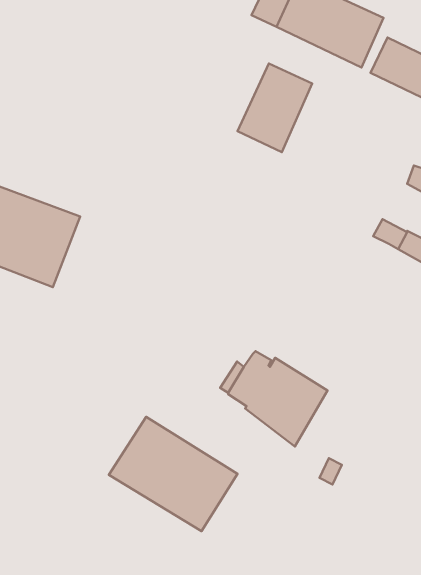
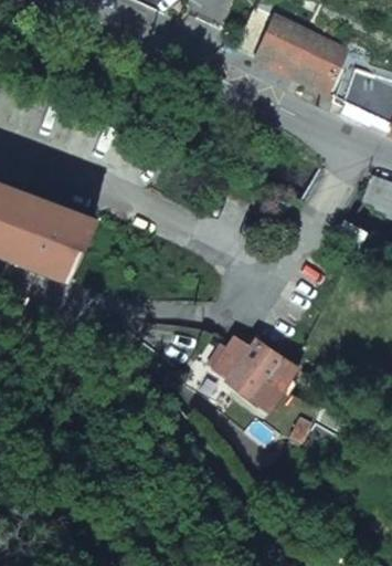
building: [237,63,312,152] -> none
building: [109,417,237,531] -> none

